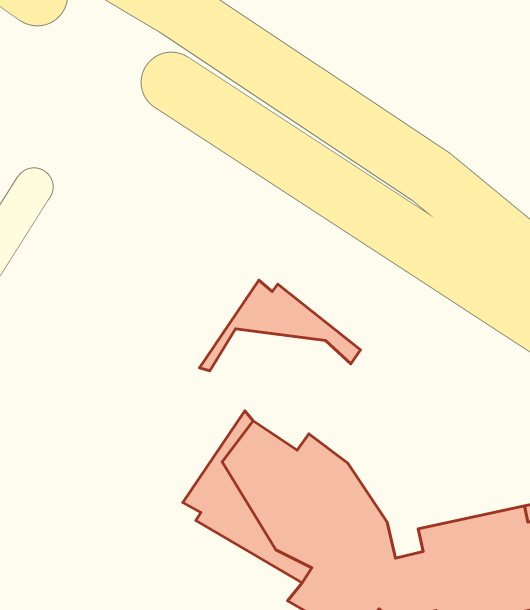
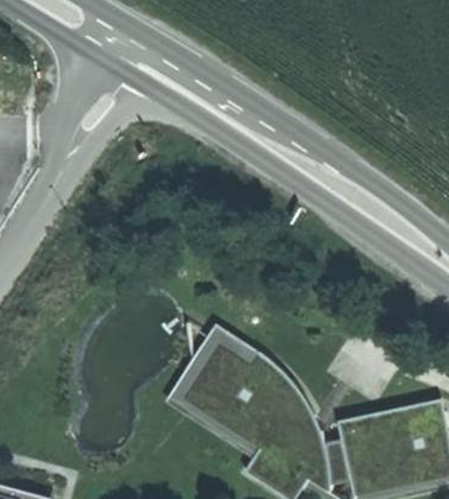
building: [199,280,360,371] -> none

